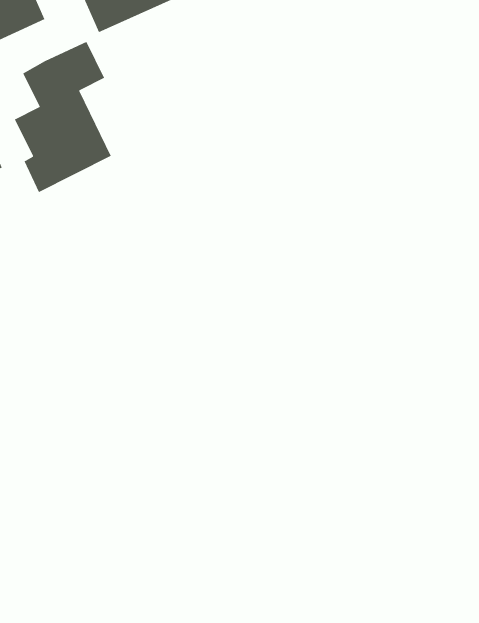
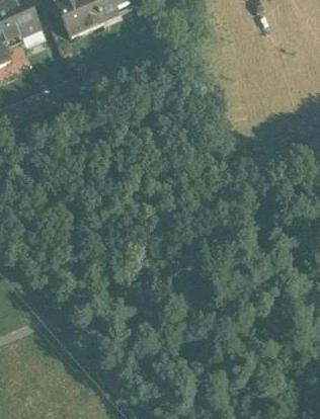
building: [14,41,112,193] -> none

